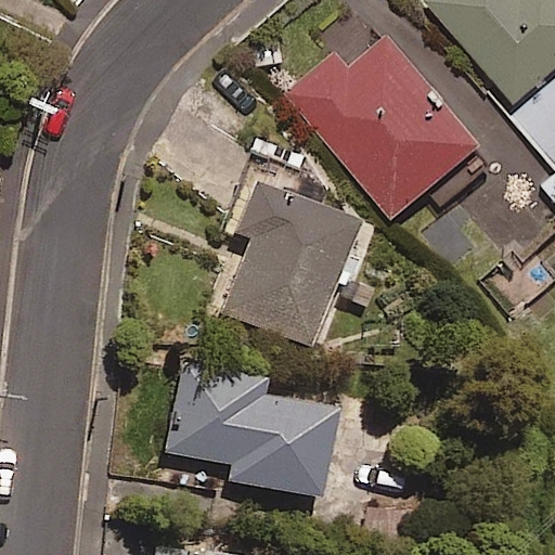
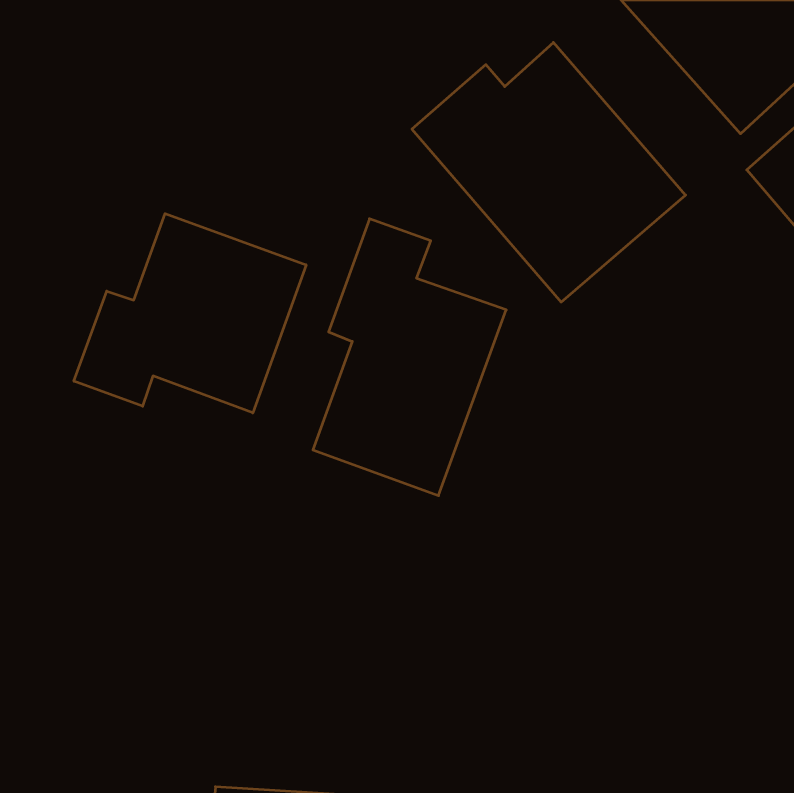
building: none -> [74,214,306,413]
building: [170,369,332,493] -> none

